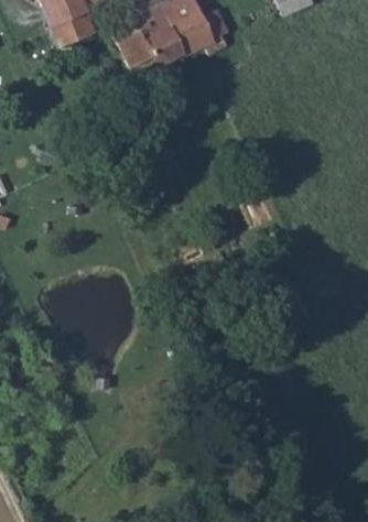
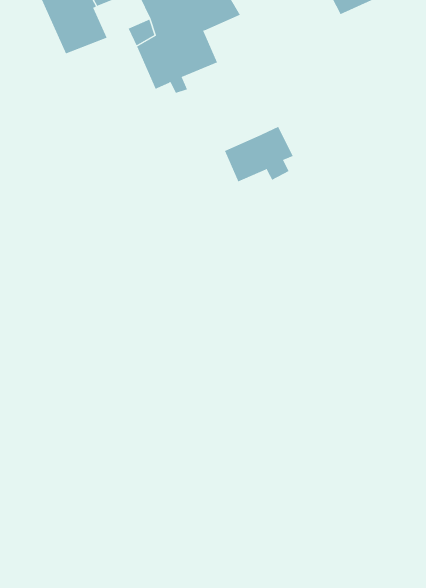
building: [173,6,229,51] -> [224,126,293,182]

